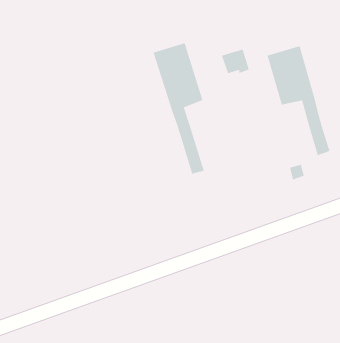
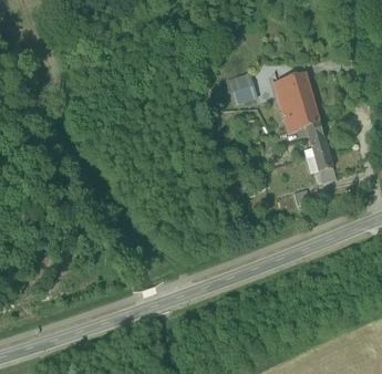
building: [152,42,205,175] -> none

